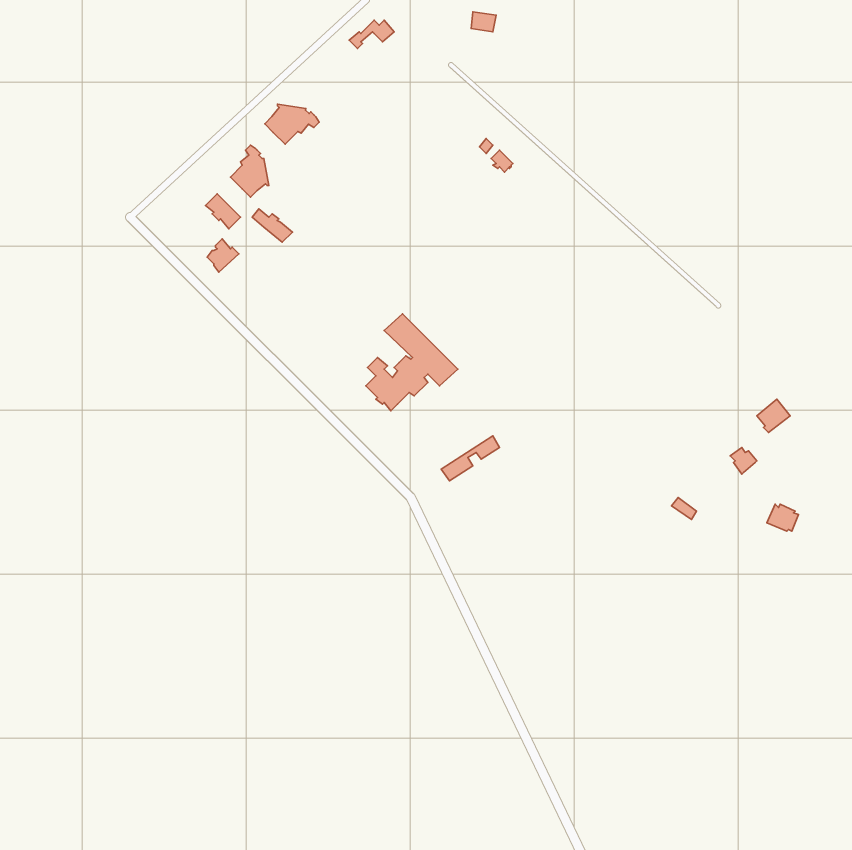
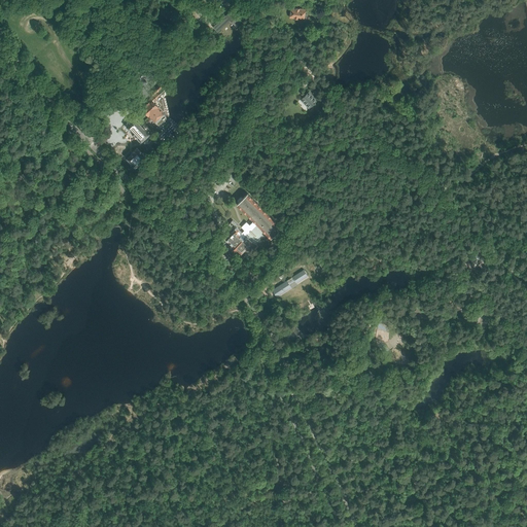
building: [265,104,319,144] -> none

